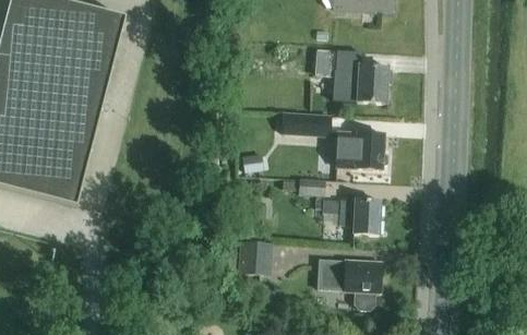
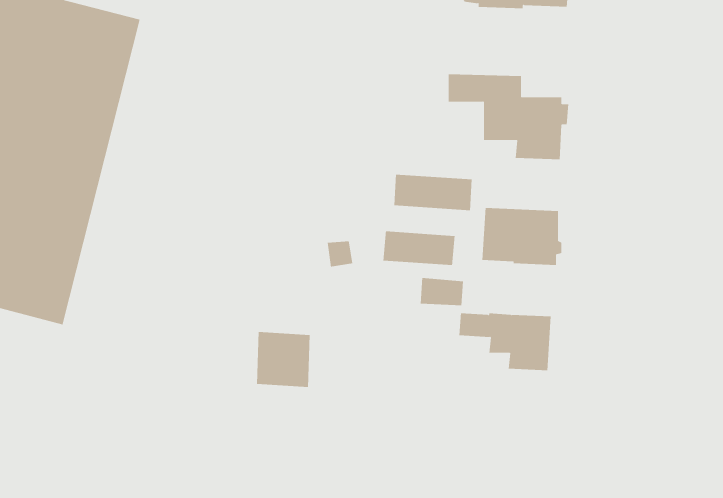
building: none -> [383,231,455,266]
building: [237,239,271,274] -> [256,331,310,388]
building: [318,258,380,307] -> none

